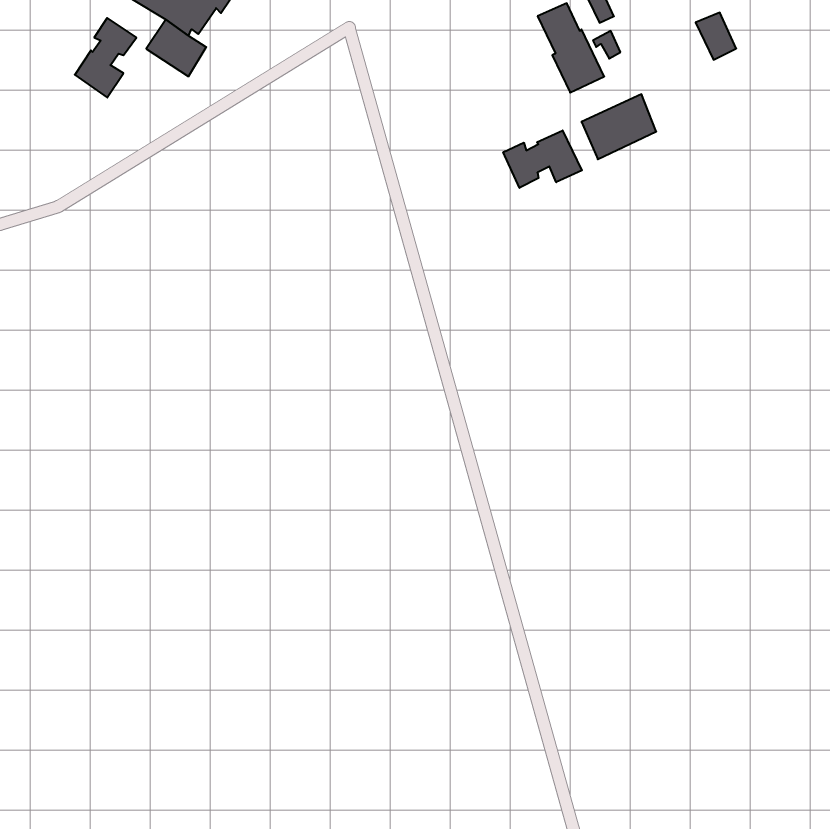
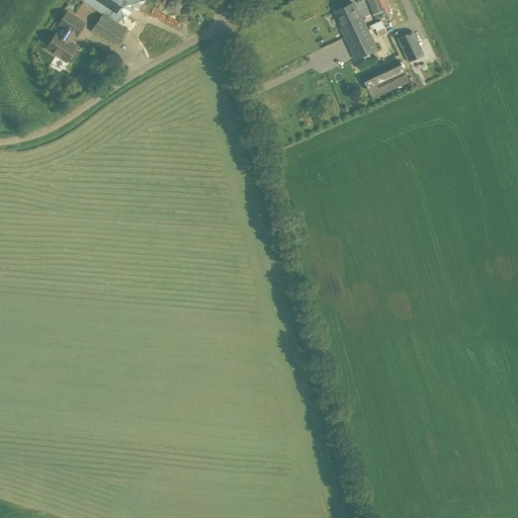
building: [696,13,736,60] -> [398,31,423,61]
building: [503,130,582,188] -> none

